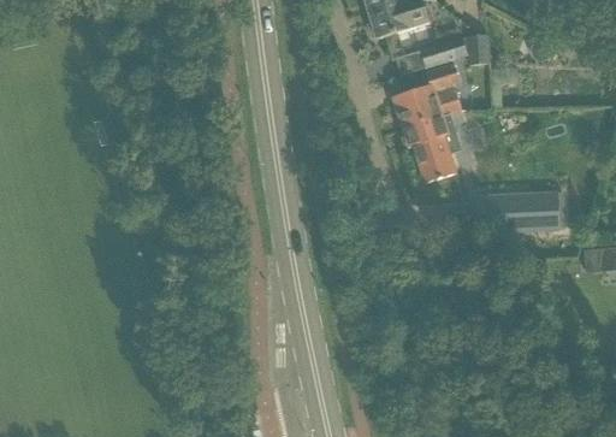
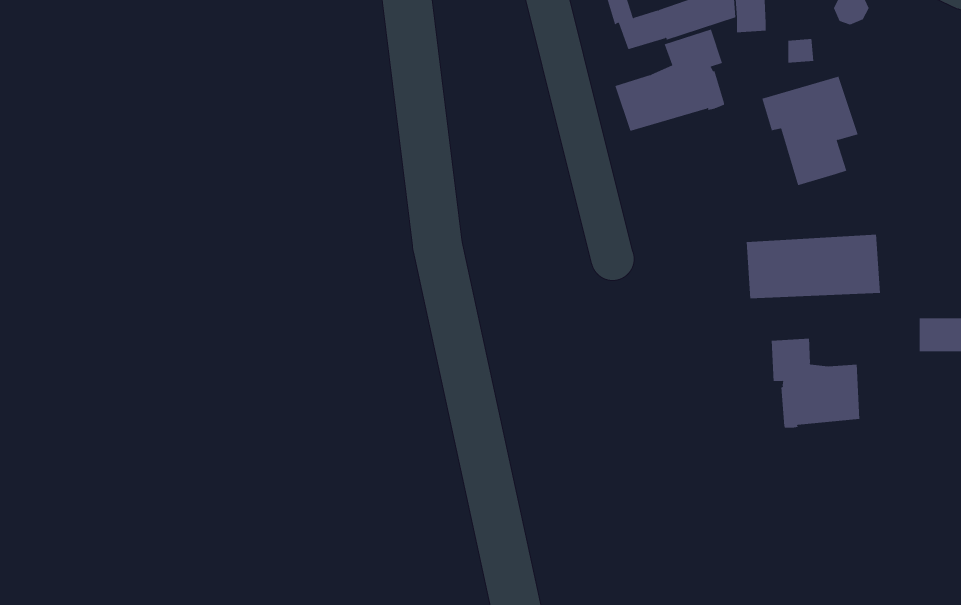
building: [402,112,463,182] -> [762,76,859,186]
building: none -> [771,338,860,429]

